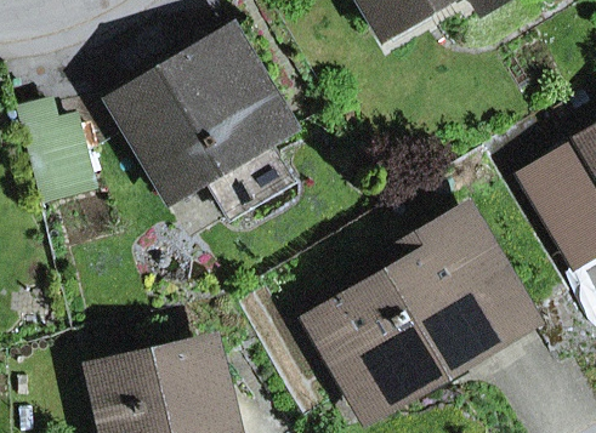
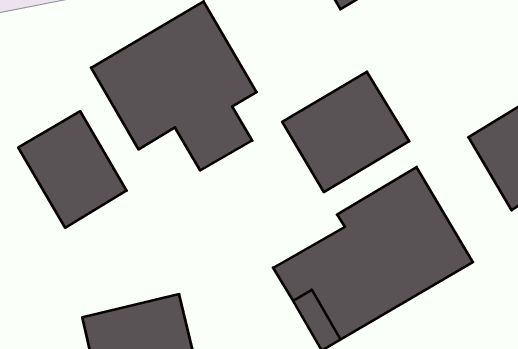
building: none -> [282,72,409,192]
building: none -> [18,111,127,228]

